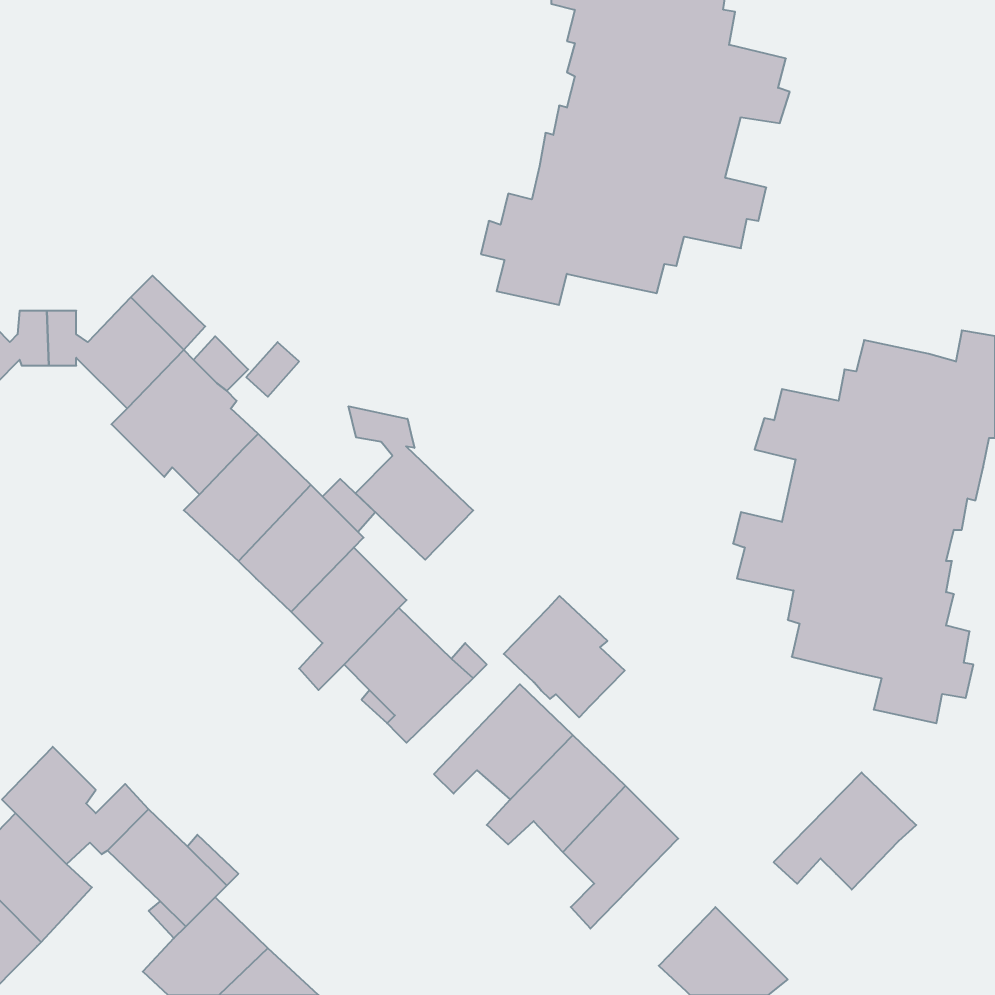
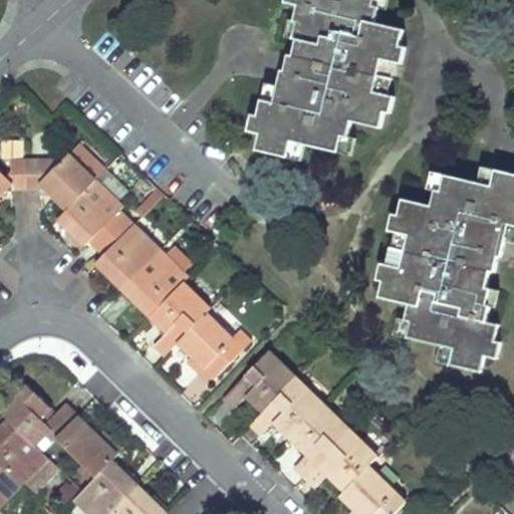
building: [349,406,473,560] -> none
building: [504,596,625,717] -> none
building: [774,772,916,890] -> [303,431,376,491]

